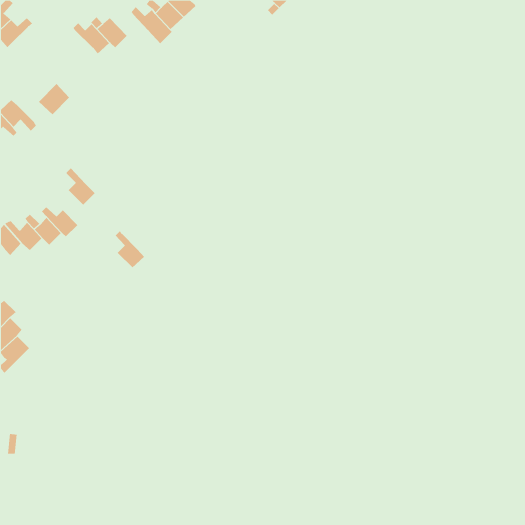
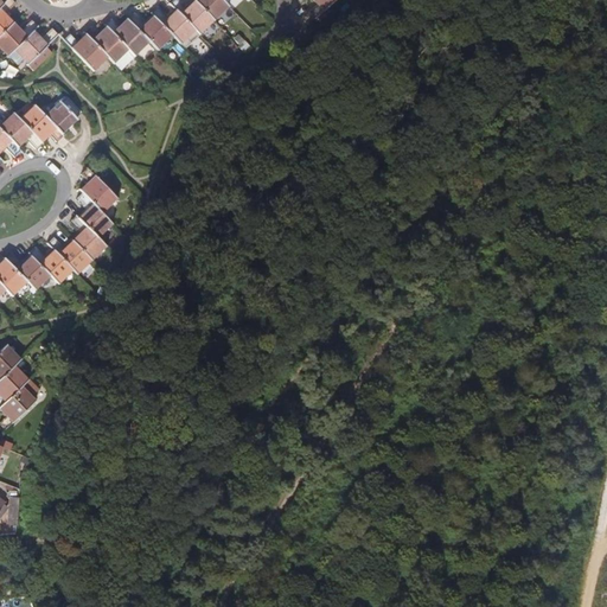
building: none -> [127,13,171,50]
building: none -> [14,28,57,64]
building: none -> [62,33,107,71]
building: none -> [20,107,63,142]
building: none -> [79,167,115,212]
building: [115,230,145,268] -> [70,216,104,260]

